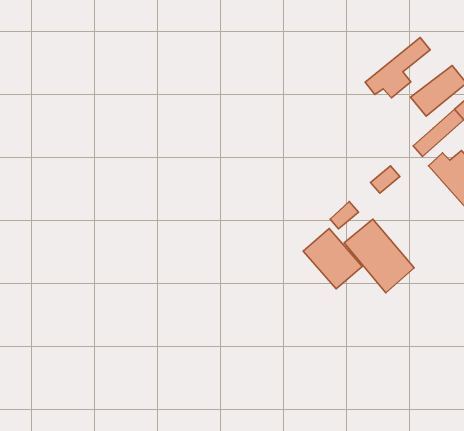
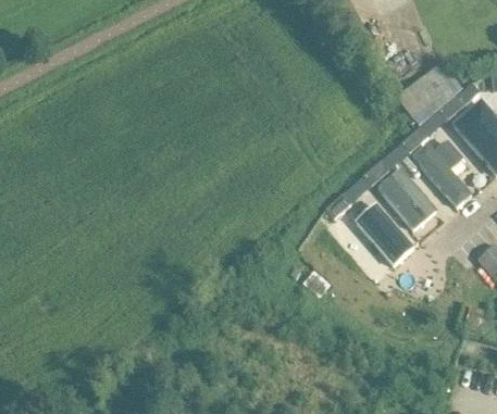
building: [365,37,430,98] -> none
building: [303,229,362,289] -> [380,172,434,227]

